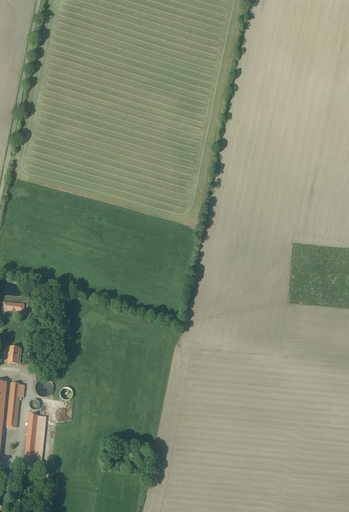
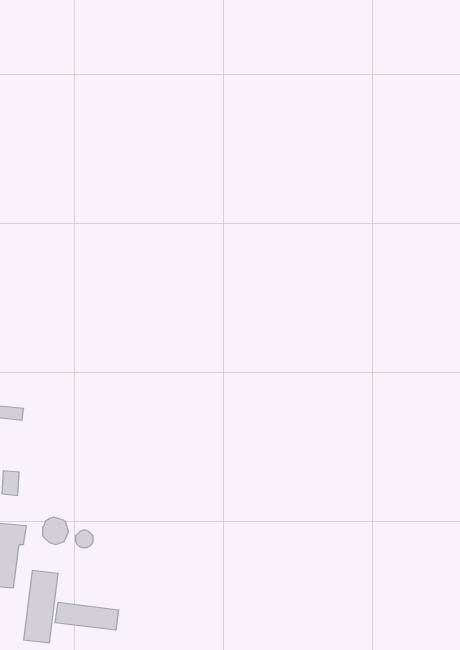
building: none -> [55,602,119,630]

